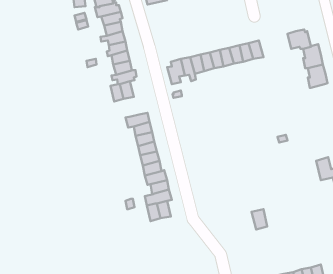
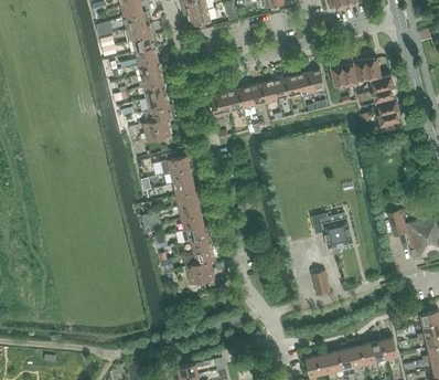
building: none -> [330,62,358,85]
building: none -> [312,213,353,250]

